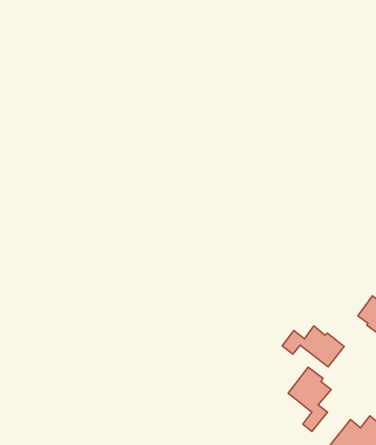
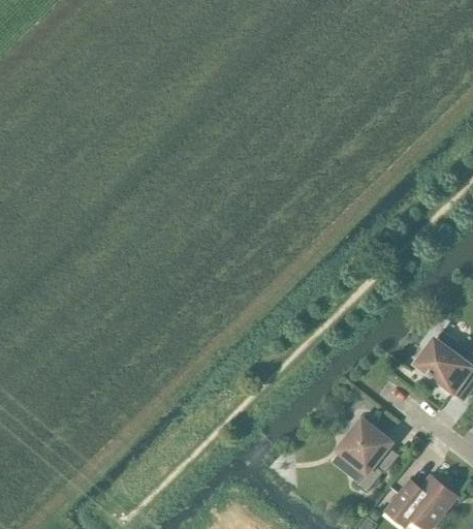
building: [282,326,344,367] -> none

